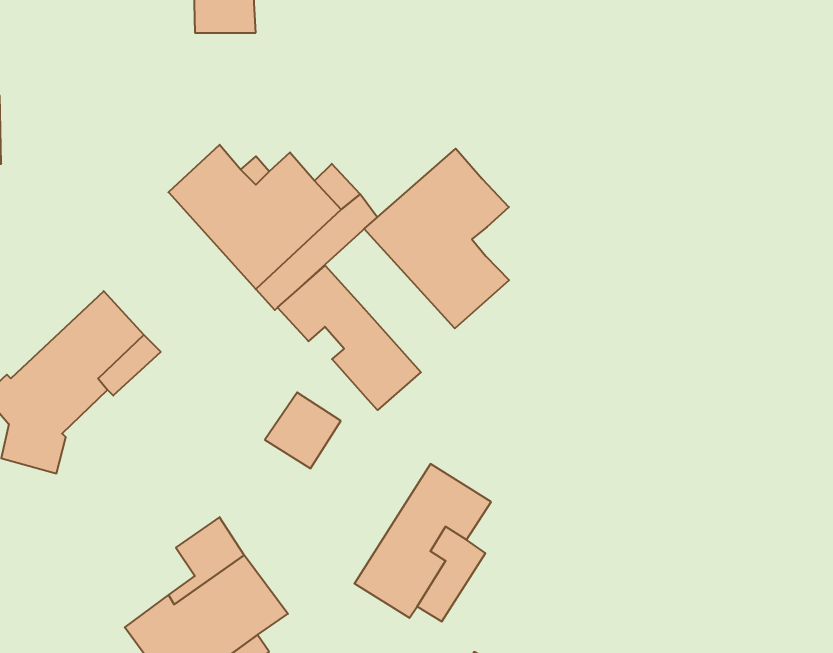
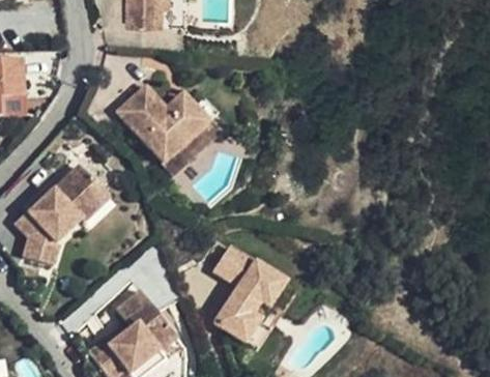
building: [364,149,509,328] -> none
building: [278,266,421,410] -> none
building: [265,392,341,468] -> [215,242,257,284]

